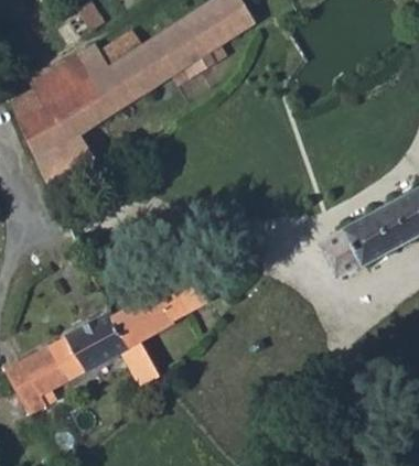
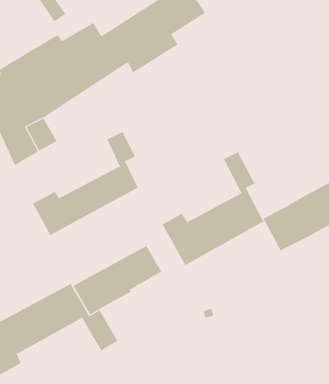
building: none -> [32,131,139,236]
building: none -> [162,151,264,266]

